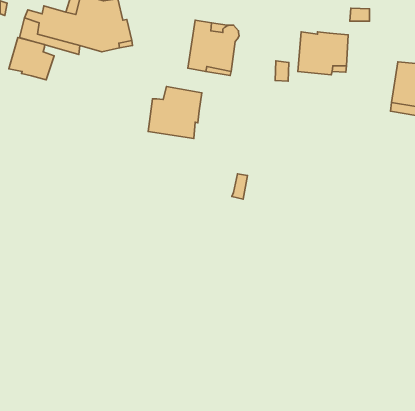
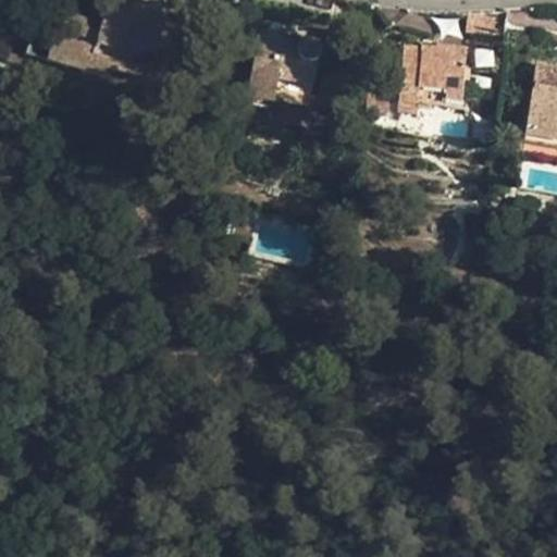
building: [9,37,54,80] -> none
building: [148,87,202,138] -> none

